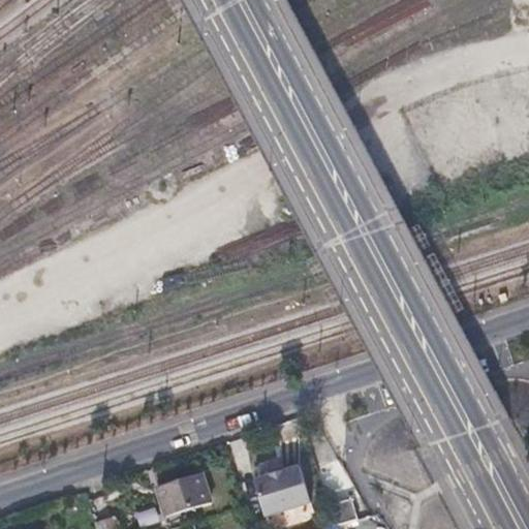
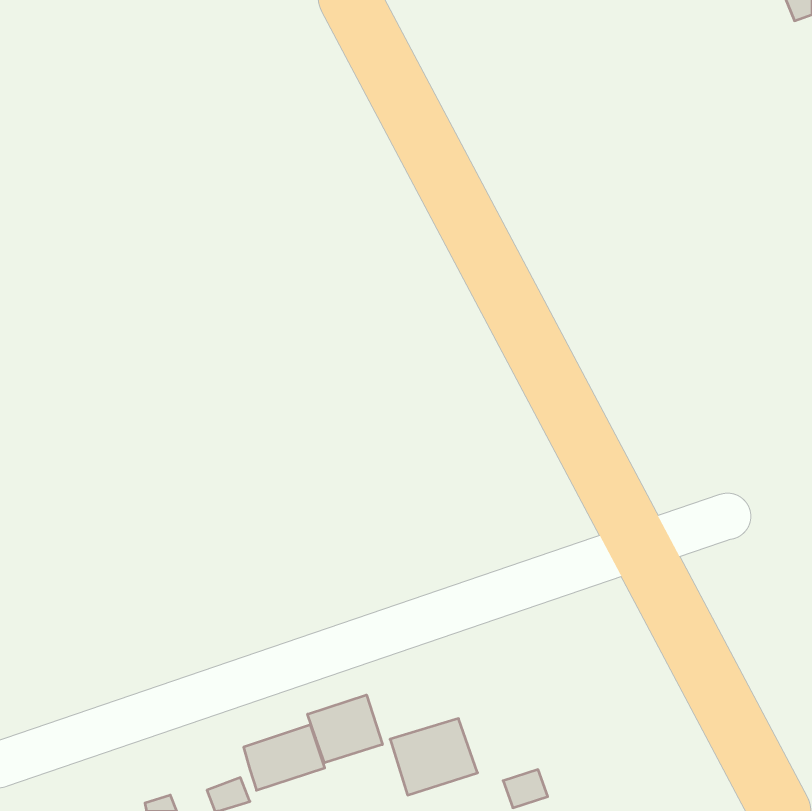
building: none -> [308,695,382,763]

